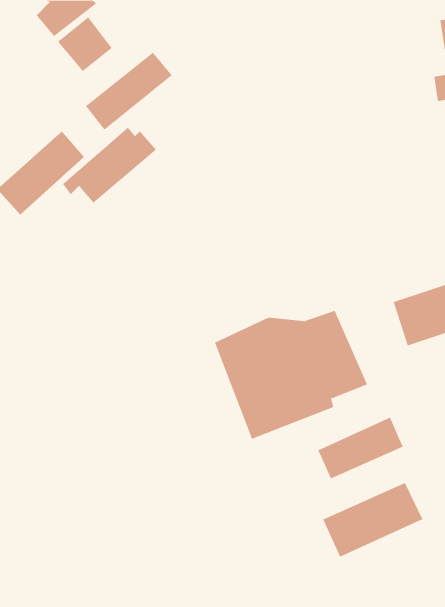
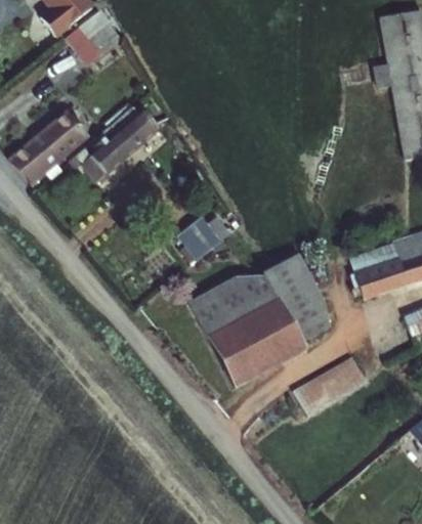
building: [85,52,172,130] -> none
building: none -> [176,219,225,262]
building: [322,482,423,558] -> none

